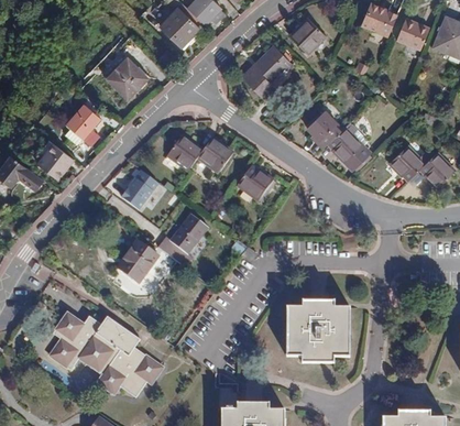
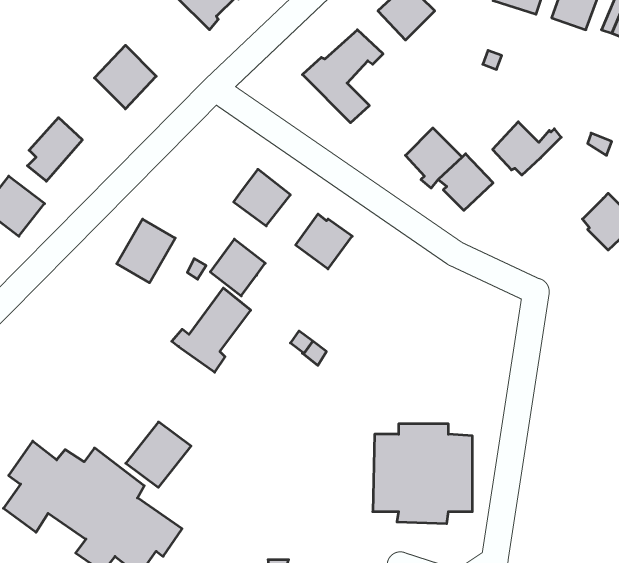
building: [167,134,202,171] -> [210,239,265,296]
building: [390,145,434,179] -> [493,122,561,175]
building: [117,240,158,282] -> [126,422,191,487]

